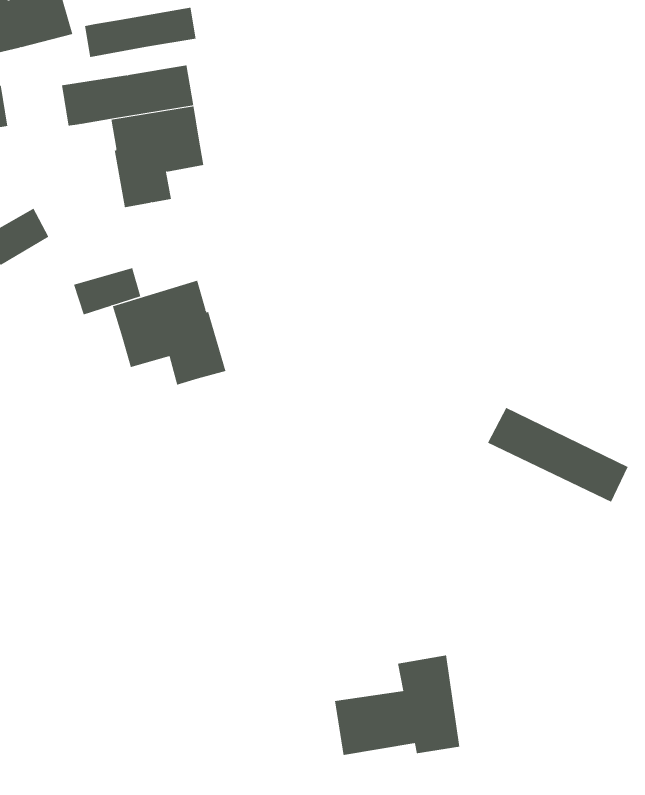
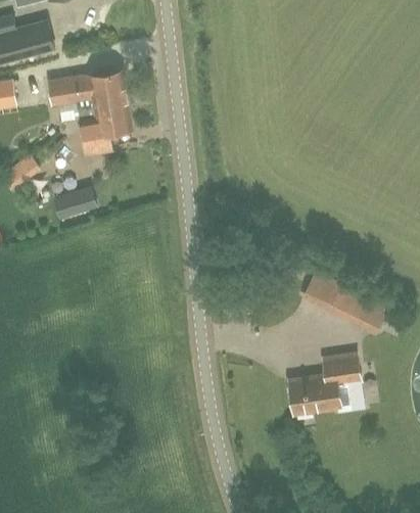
building: [84,7,196,58] -> none
building: [112,280,226,386] -> none
building: [334,655,460,755] -> [287,354,363,414]

